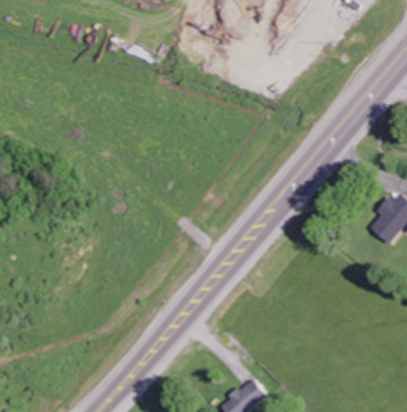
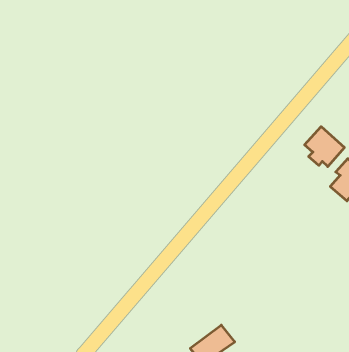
building: none -> [305,127,344,167]

